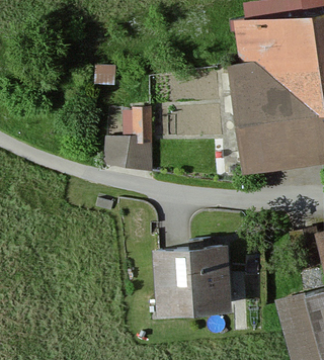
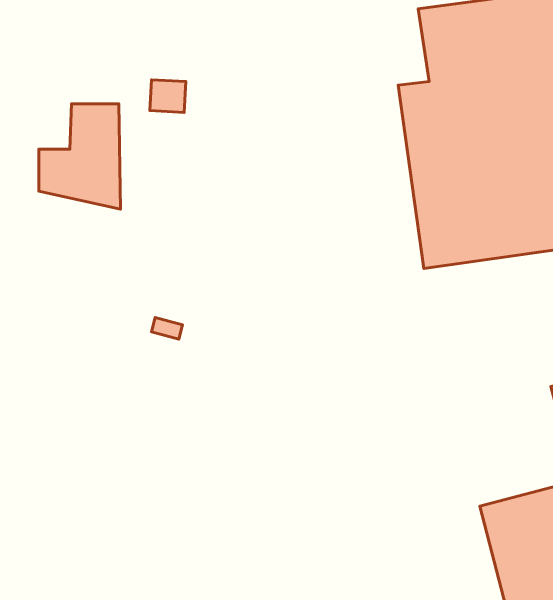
building: [105,110,151,169] -> [39,104,121,209]
building: [154,245,233,317] -> none

